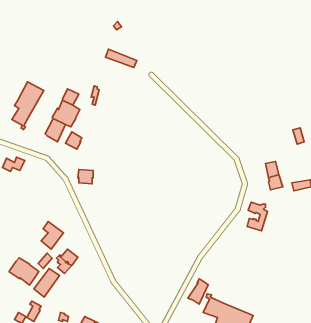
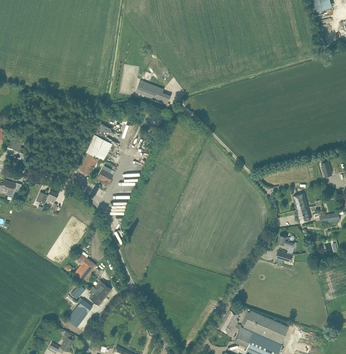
building: [12,82,44,130] -> none
building: [9,258,39,285] -> none
building: none -> [244,310,289,343]

